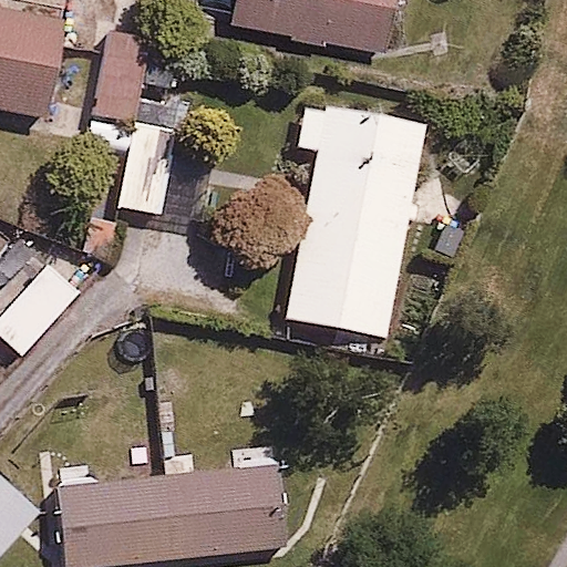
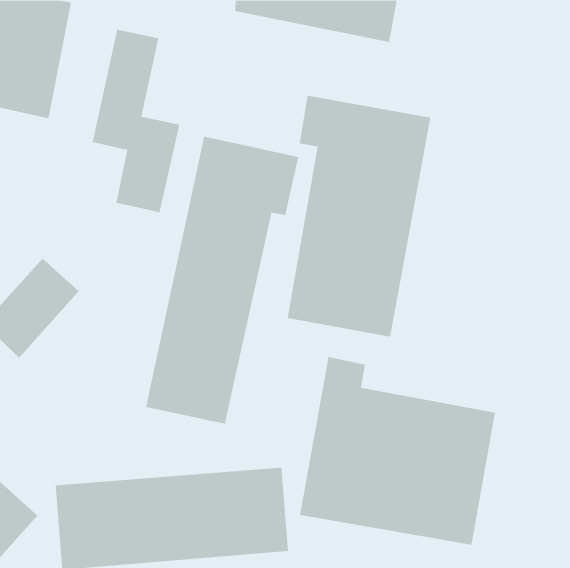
building: none -> [145,136,299,424]
building: none -> [299,356,496,546]

